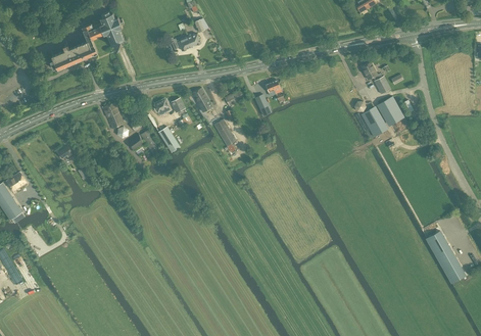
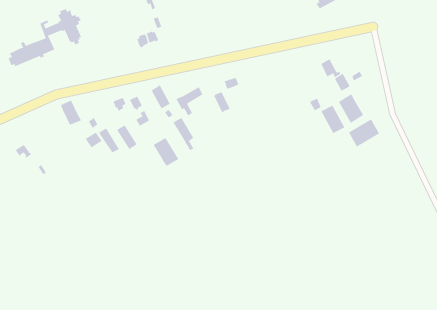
building: none -> [348,119,380,148]
building: none -> [153,137,179,167]
building: [426,231,465,283] -> none

